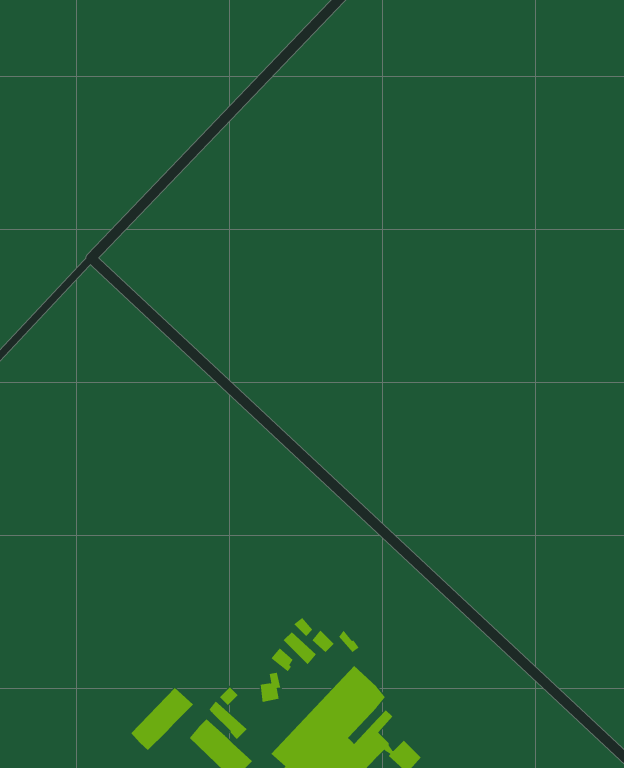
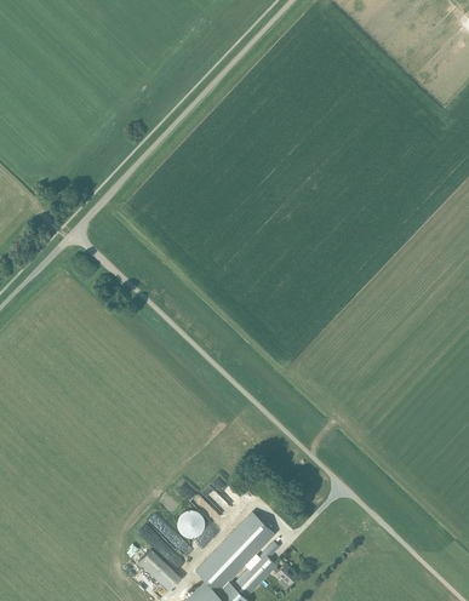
building: [131,687,194,751] -> none

